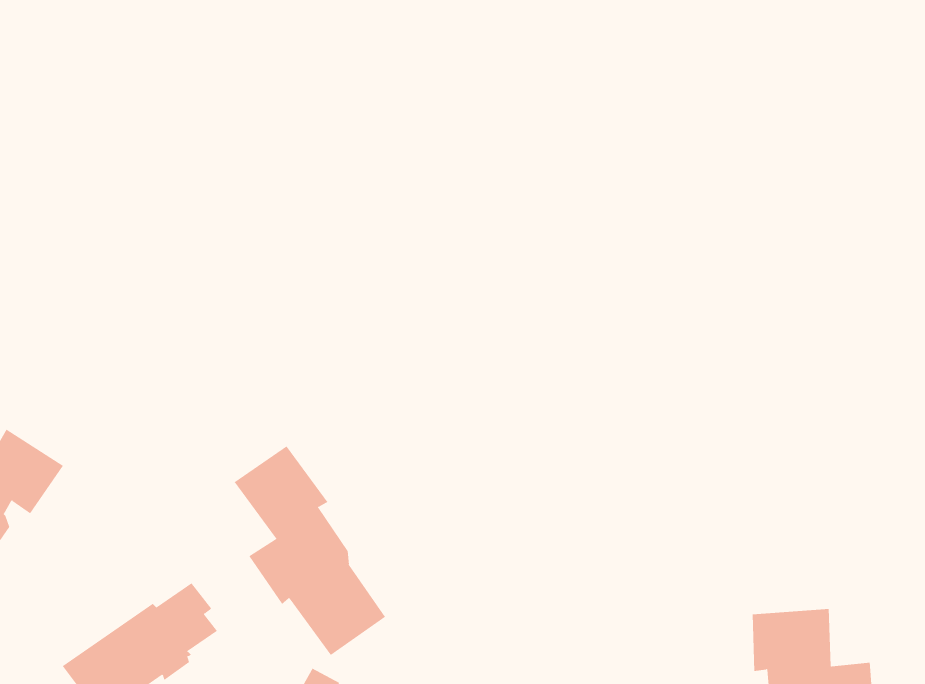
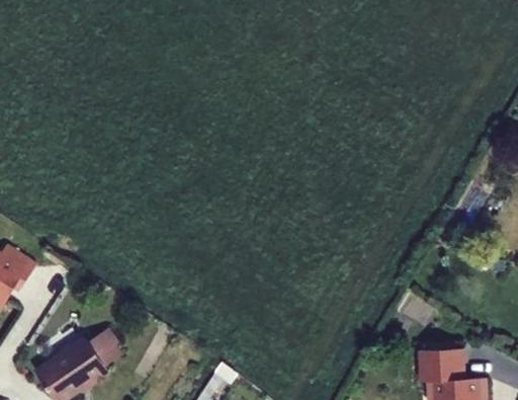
building: [234,445,386,656] -> none

